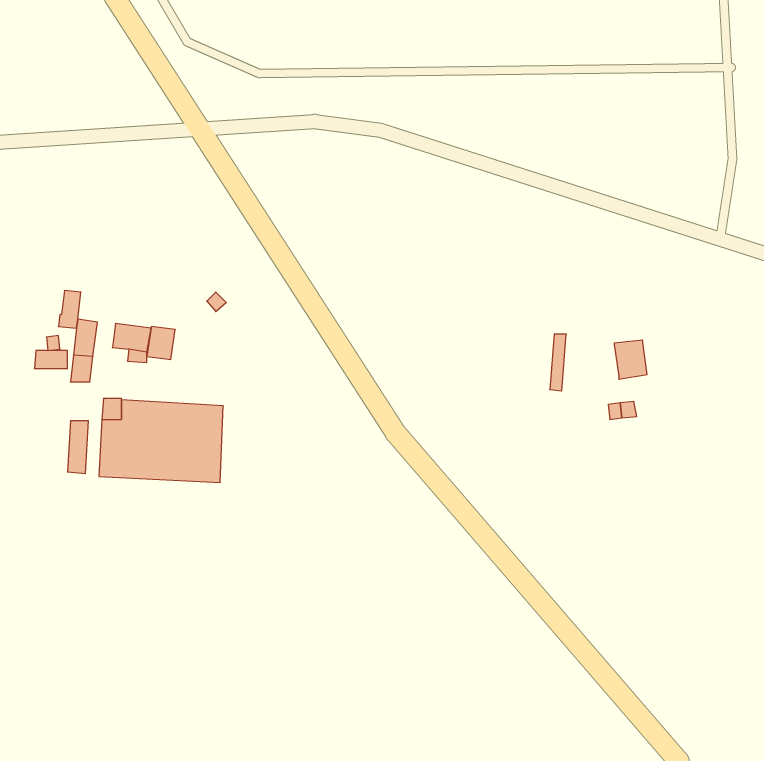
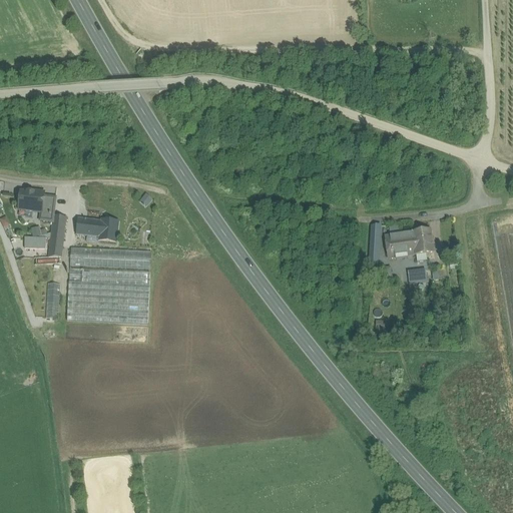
building: none -> [18,189,43,210]
building: none -> [385,230,414,255]
building: none -> [69,245,150,268]

